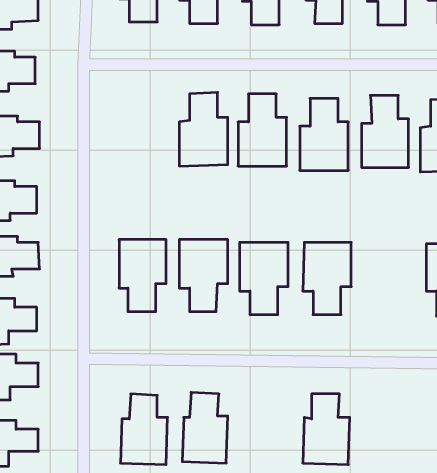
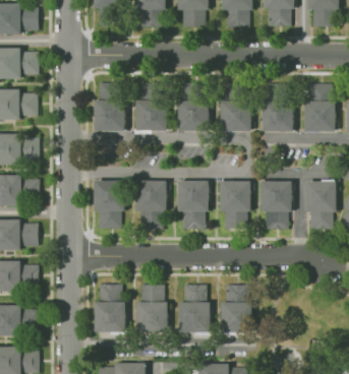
building: none -> [93,76,126,126]
building: none -> [261,181,295,232]
building: none -> [178,284,211,331]

